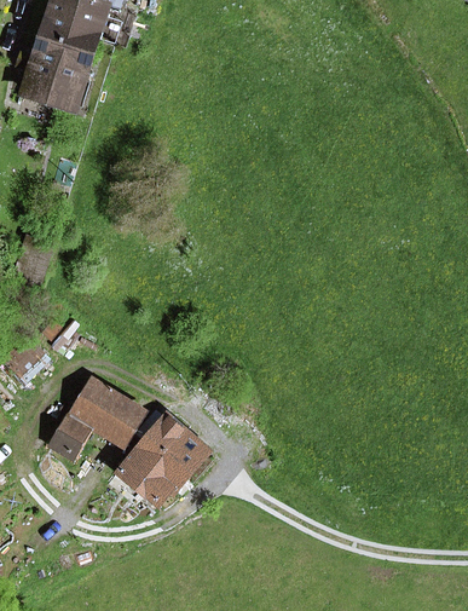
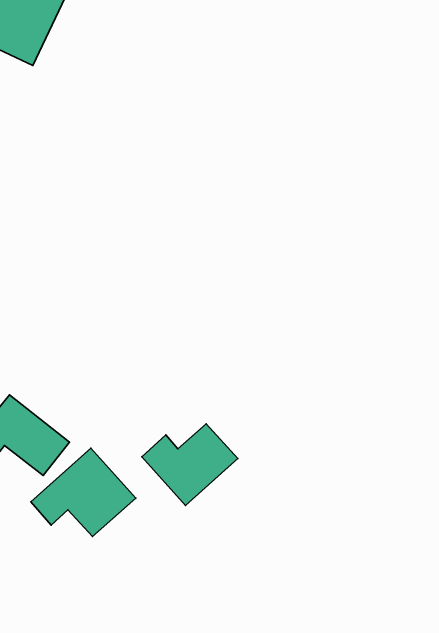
building: none -> [142,424,238,505]

